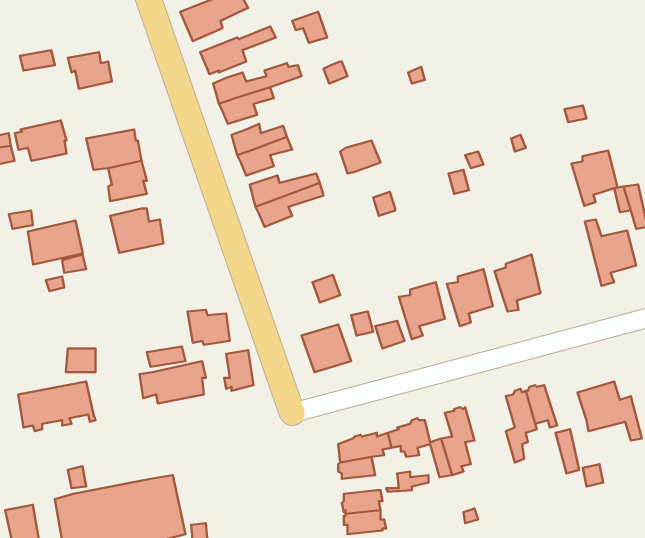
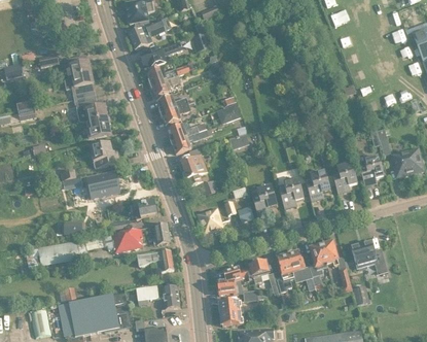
building: [15,120,66,161] -> [65,72,94,95]
building: [571,151,617,206] -> [331,163,357,194]
building: none -> [181,147,208,185]
building: [28,220,83,265] -> [88,173,119,198]
building: none -> [138,250,173,272]
building: none -> [288,251,316,290]
building: none -> [140,284,180,309]

